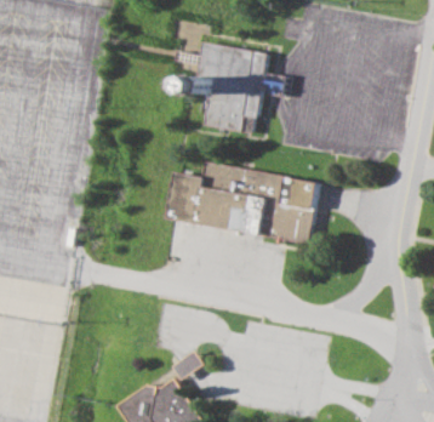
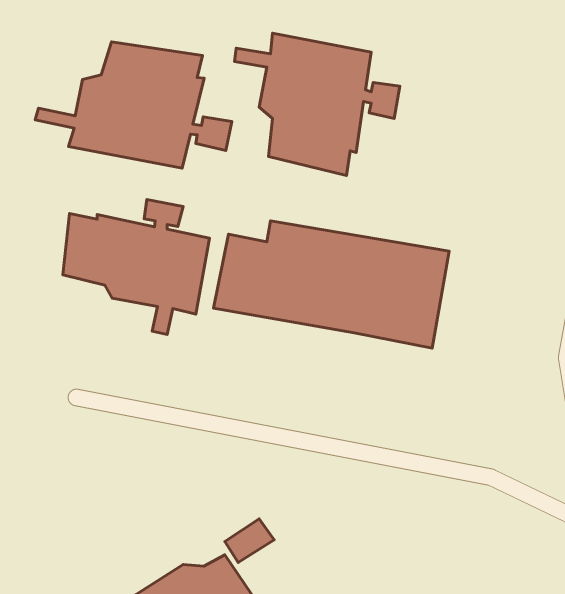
building: none -> [35,42,232,168]
building: none -> [63,199,210,334]

